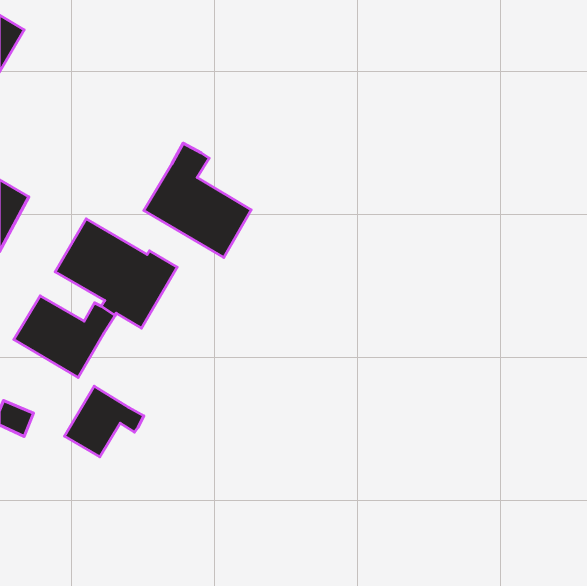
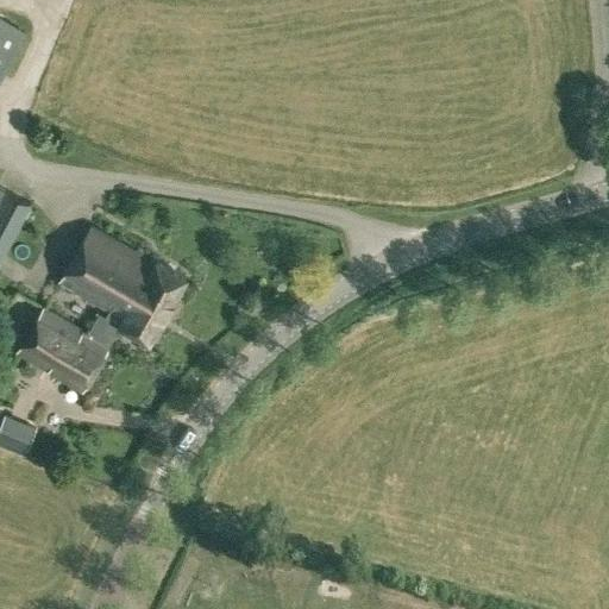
building: [144,143,251,258] -> none
building: [64,386,144,457] -> none

